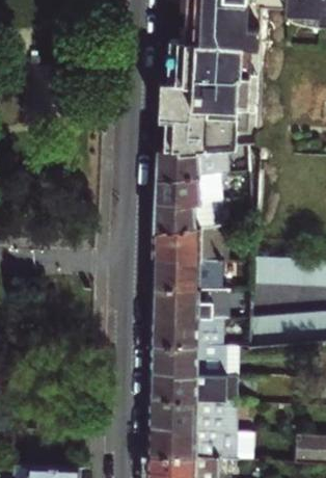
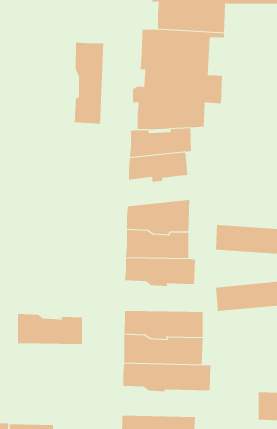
building: none -> [74,42,104,124]
building: [155,202,212,234] -> none
building: [152,314,222,347] -> [17,313,83,344]
building: [148,427,252,461] -> none

